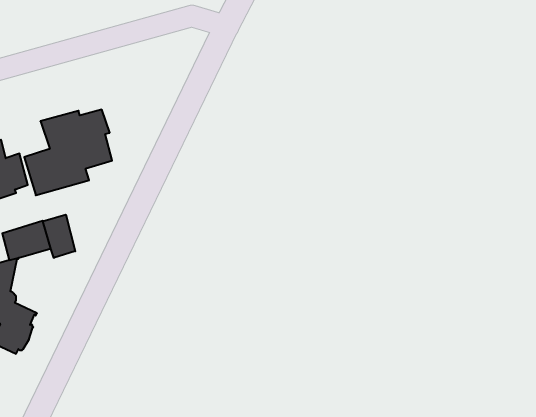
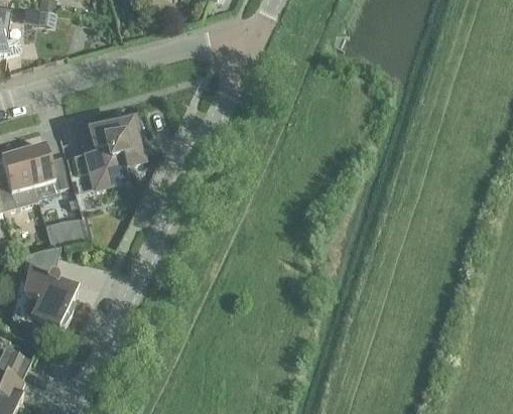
building: [43,215,75,258] -> none

